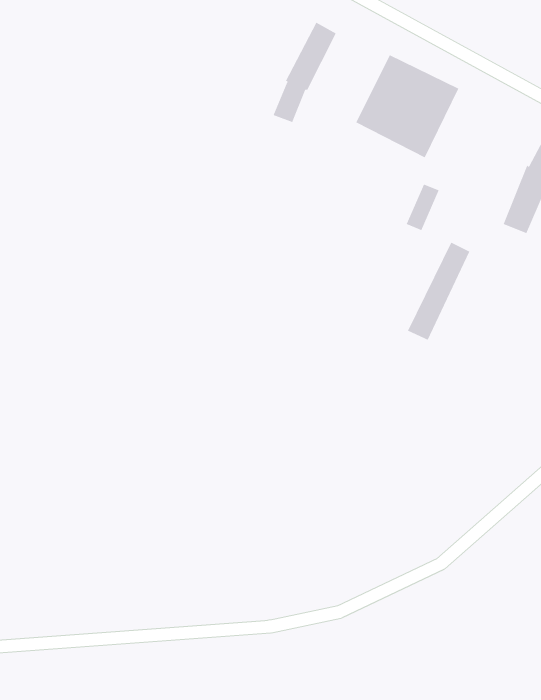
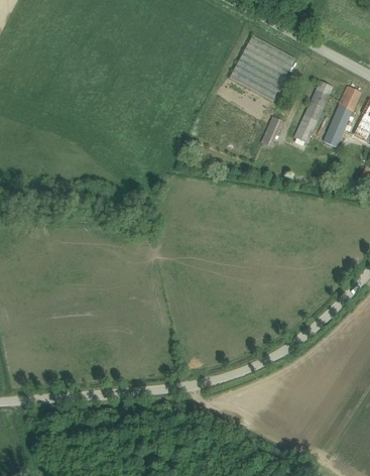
building: [273,22,337,123] -> none
building: [407,242,470,340] -> [292,82,332,143]

